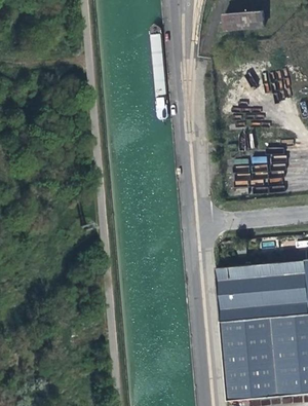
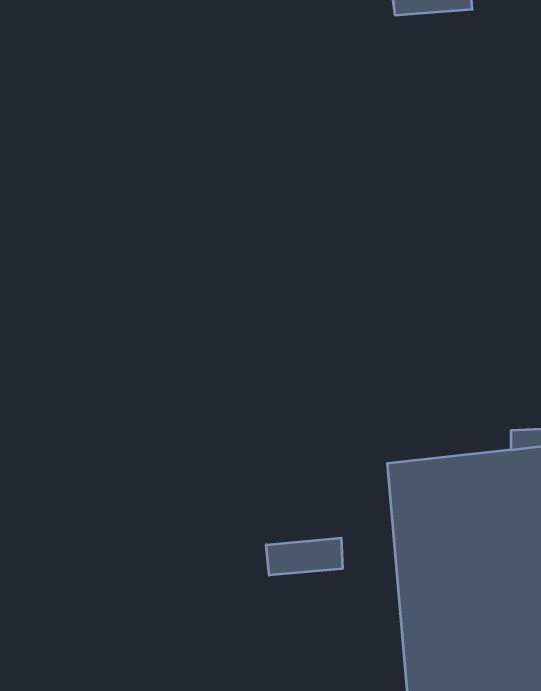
building: none -> [266,538,342,575]

